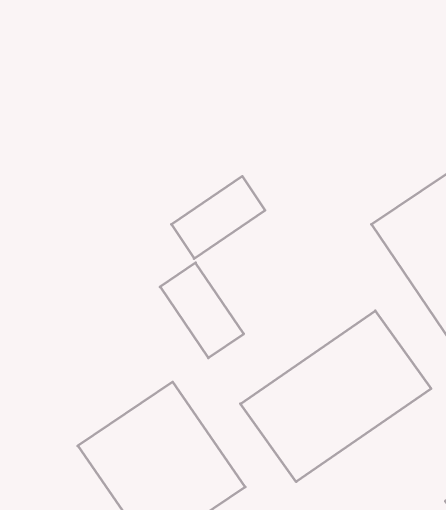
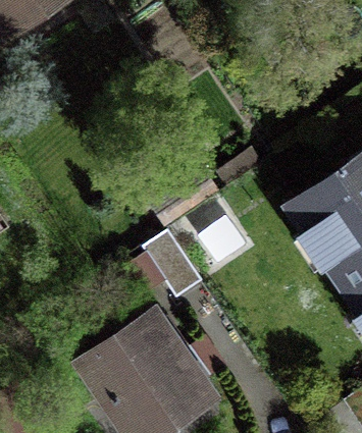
building: [240,311,431,482] -> none

